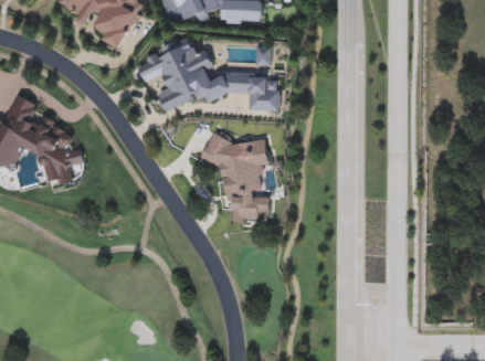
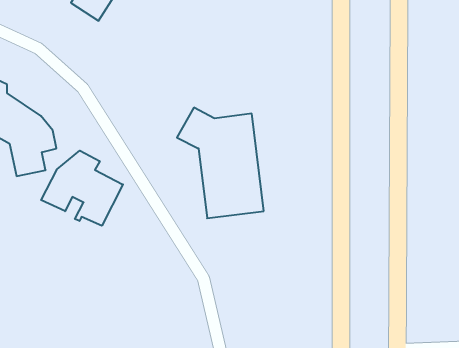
building: [138,36,280,110] -> none
building: none -> [41,151,123,226]

